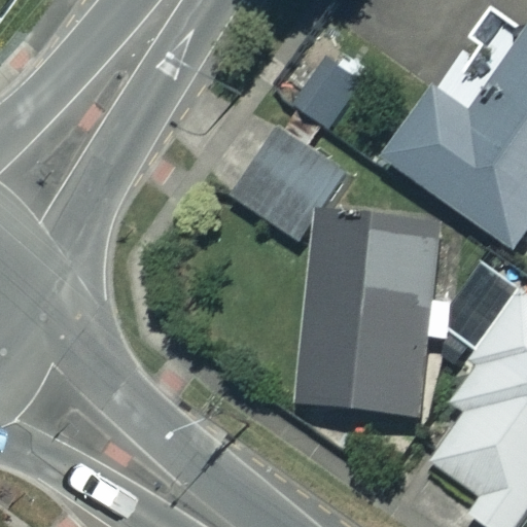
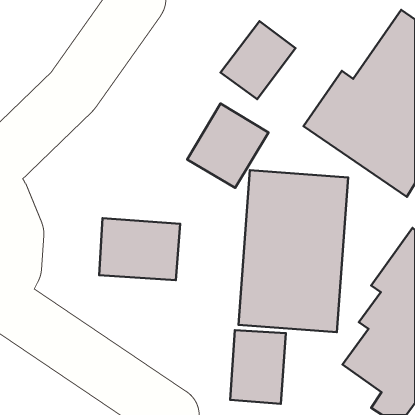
building: none -> [99,218,180,280]
building: none -> [230,330,286,404]

